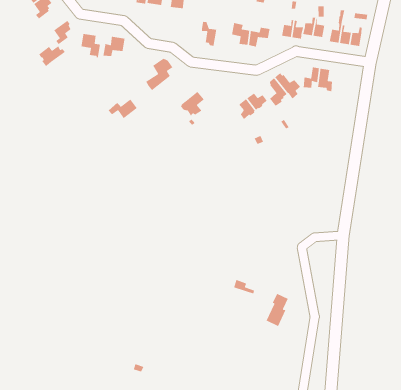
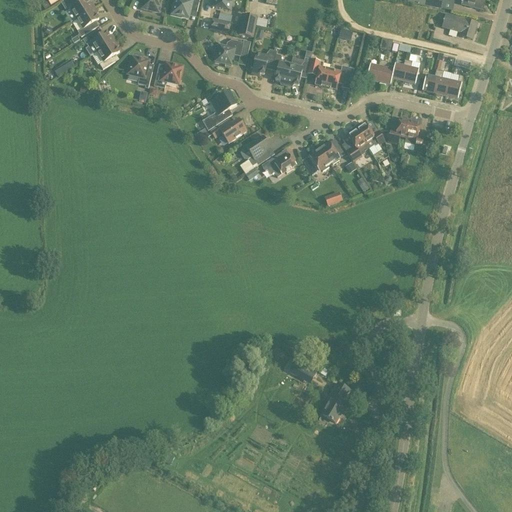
building: none -> [212,38,249,63]
building: none -> [250,45,275,74]
building: none -> [285,50,311,84]
building: [38,45,66,67] -> [81,29,114,54]
building: [108,98,138,119] -> [209,118,245,142]
building: none -> [260,153,295,175]

